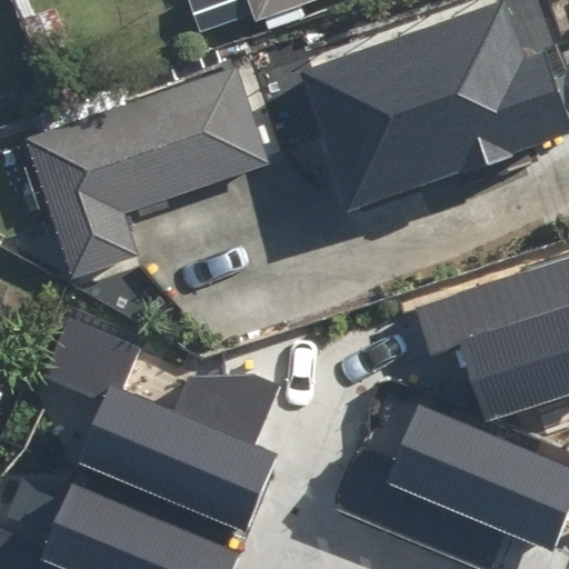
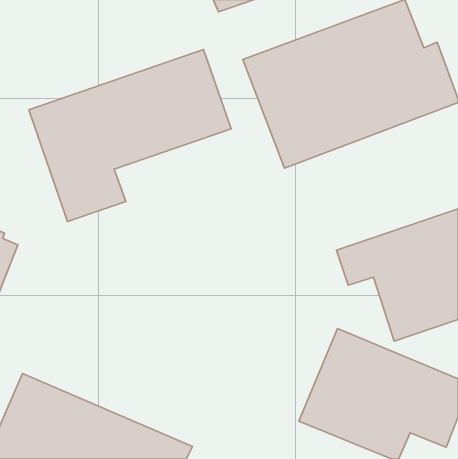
building: [39,318,281,530] -> none

